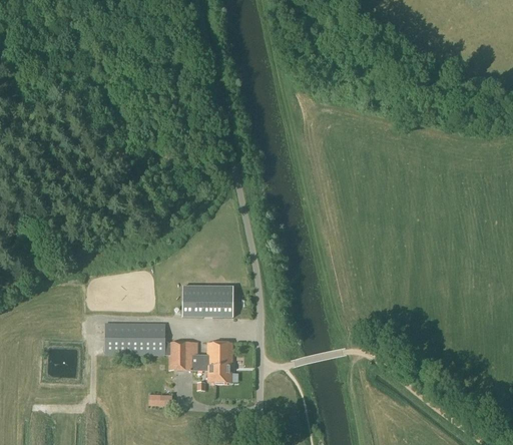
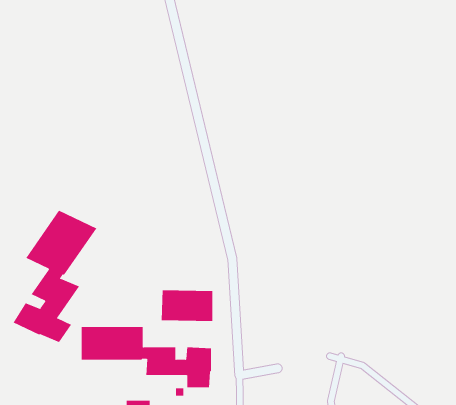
building: none -> [13,210,97,343]

